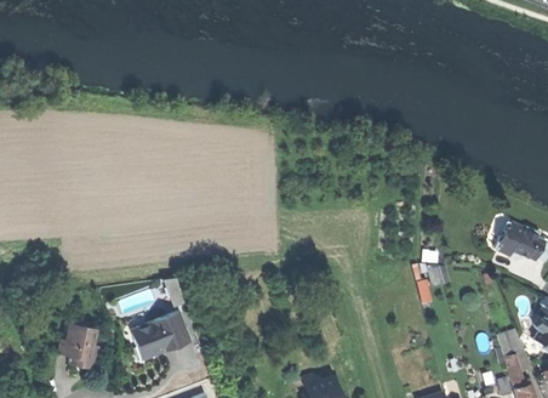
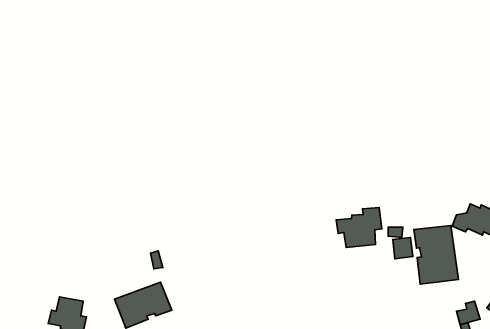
building: none -> [336,207,382,247]
building: none -> [414,226,459,284]

